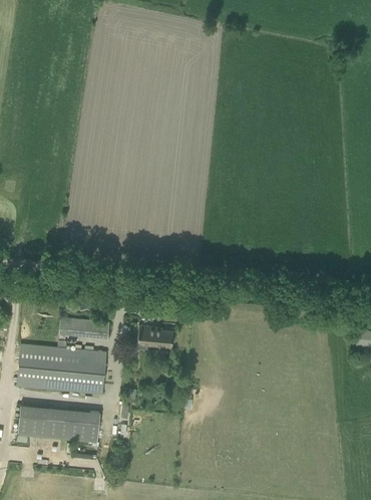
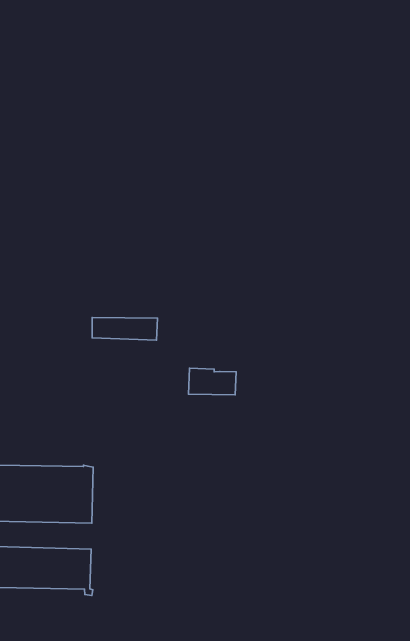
building: [59,318,108,338] -> [92,318,158,340]
building: [136,325,172,347] -> [189,368,236,395]

